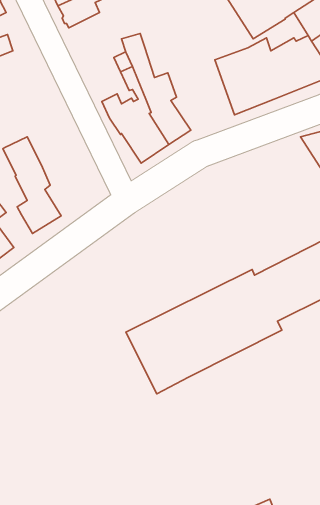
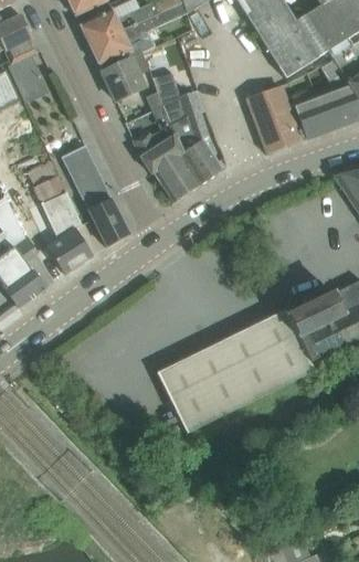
building: none -> [103,51,150,99]
building: none -> [63,144,129,245]

